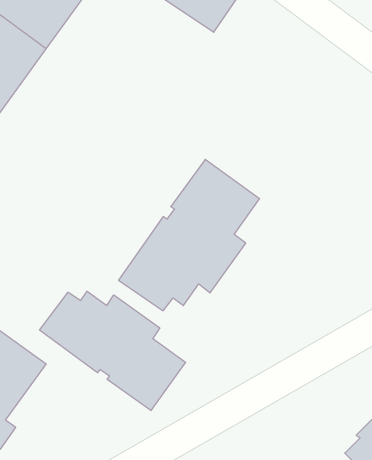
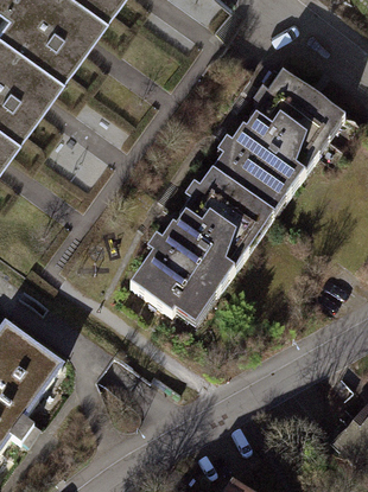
building: none -> [208,81,331,216]
building: [40,291,186,411] -> none

